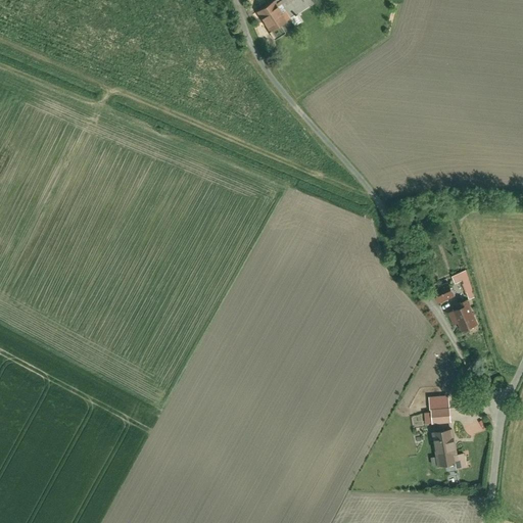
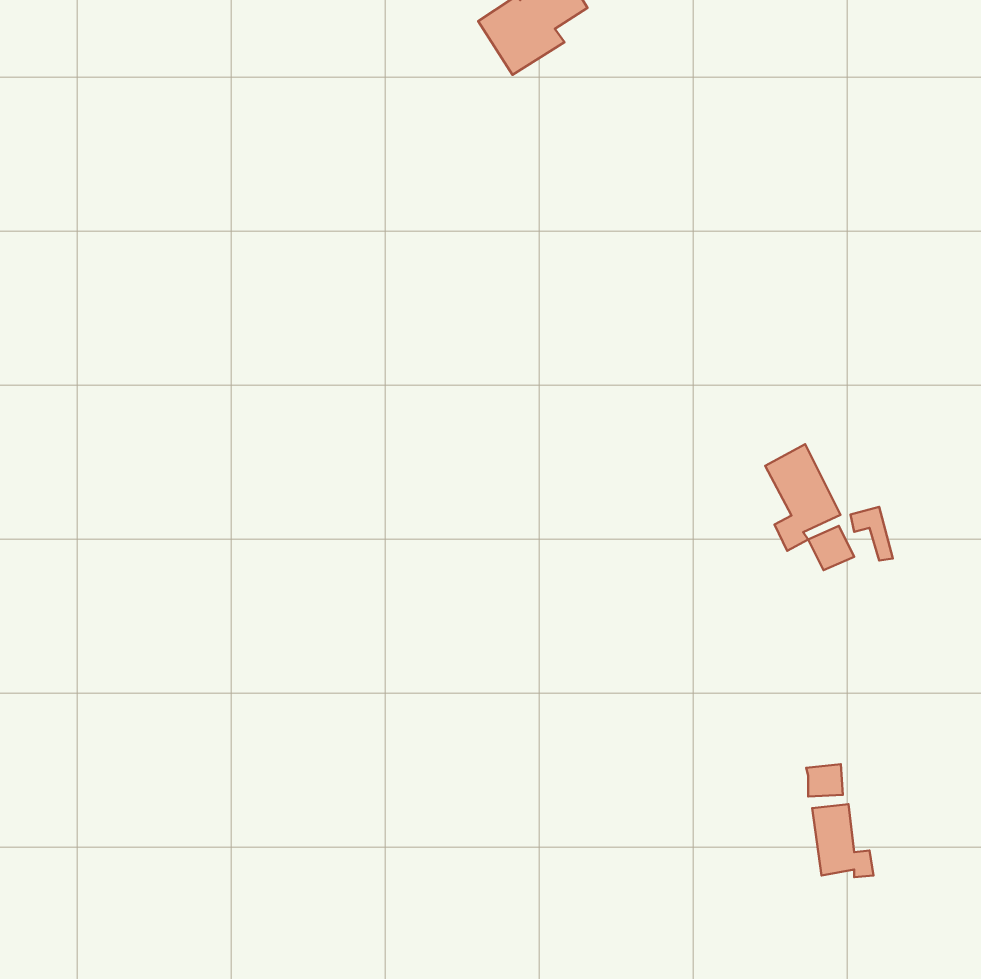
building: none -> [765,444,840,551]
building: [447,299,477,332] -> none

